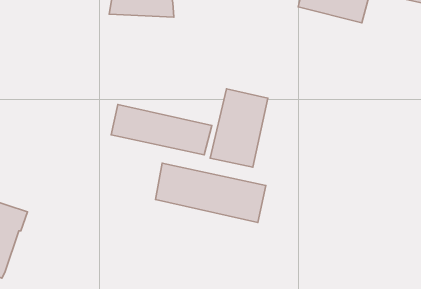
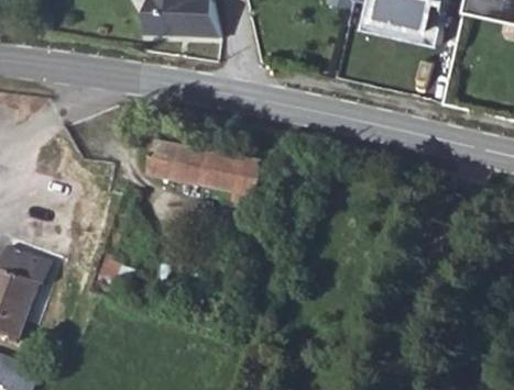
building: [210,89,268,167] -> none
building: [155,163,266,222] -> none

